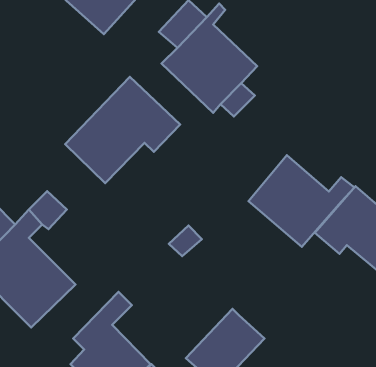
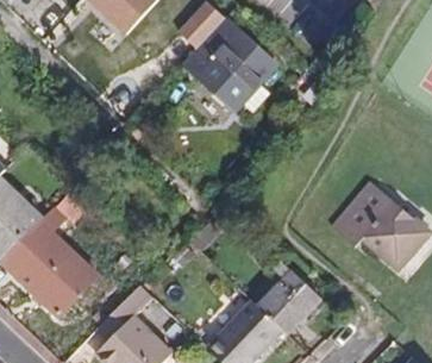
building: [65,77,180,183] -> none
building: [248,155,354,247] -> none
building: none -> [257,271,320,334]

